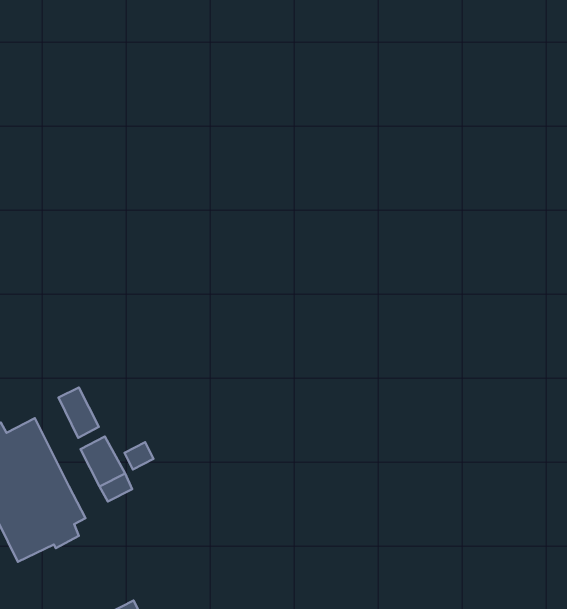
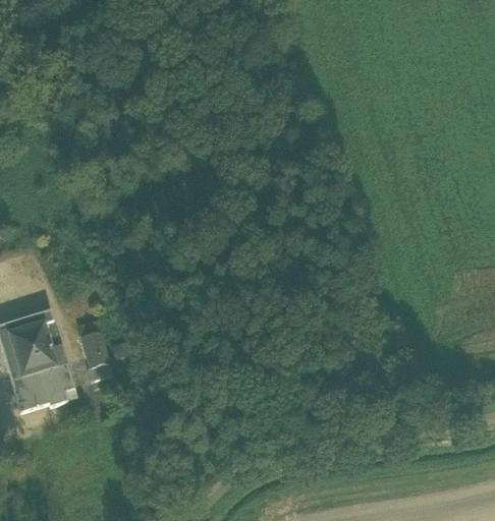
building: [59,387,99,438] -> none

